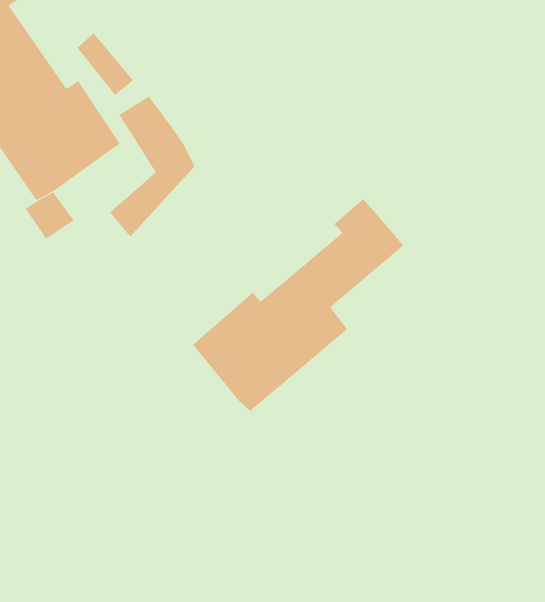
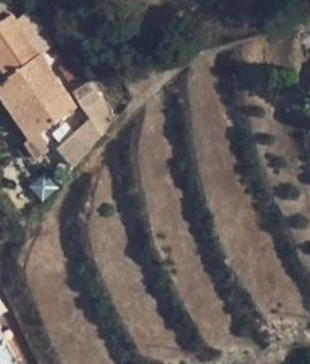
building: [192,198,404,412] -> none

